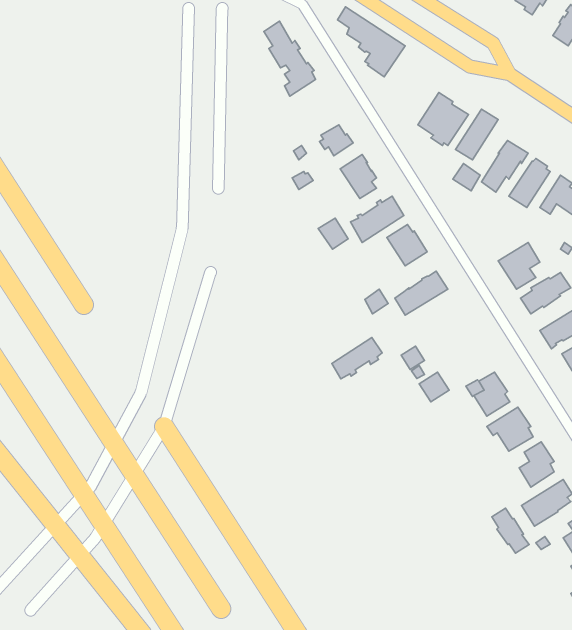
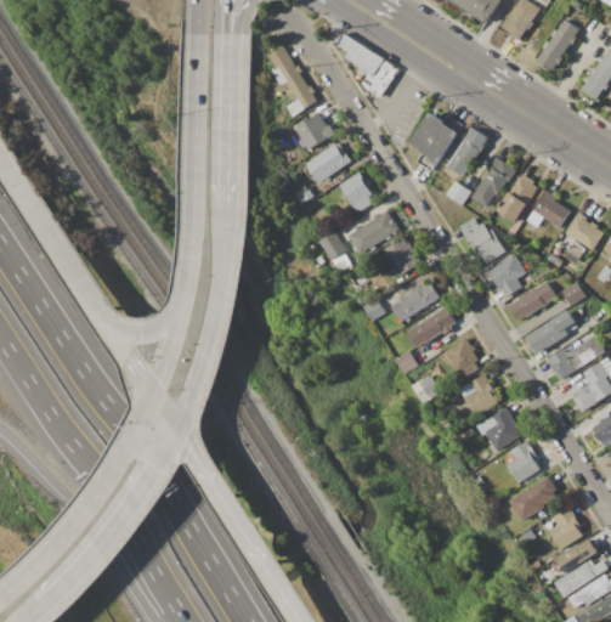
building: none -> [290,114,335,151]
building: none -> [458,217,505,264]
building: none -> [445,338,479,379]
building: [332,337,382,379] -> [408,307,456,346]
building: [492,508,529,553] -> none

